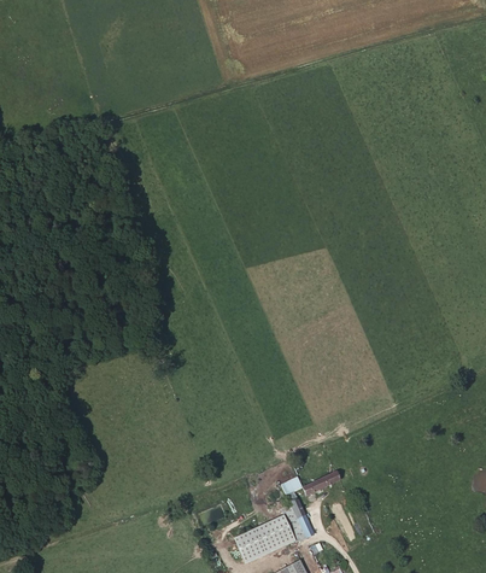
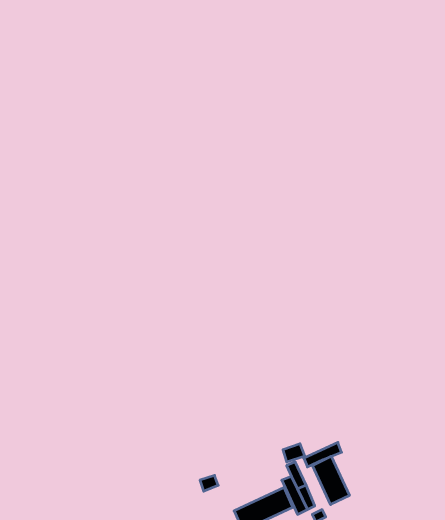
building: none -> [312,456,349,505]

